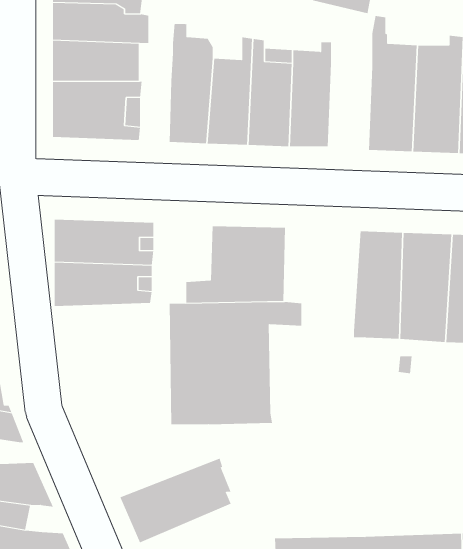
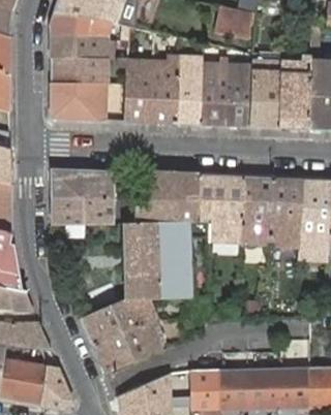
building: none -> [224,71,251,126]
building: none -> [197,174,244,240]
building: none -> [82,298,161,344]

